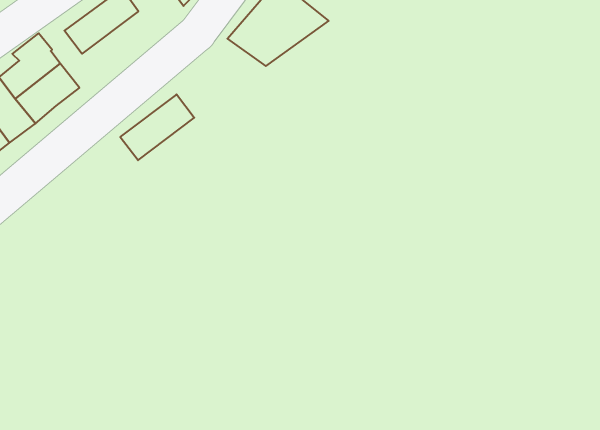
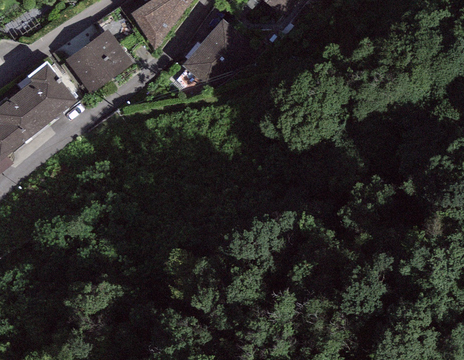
building: [120,94,194,160] -> [77,44,131,92]

